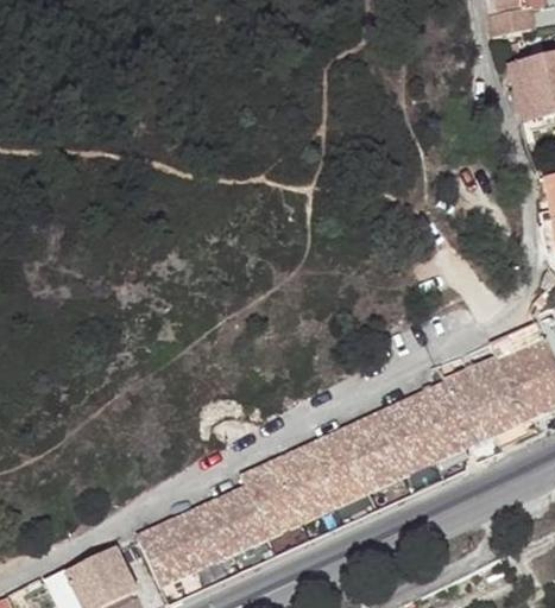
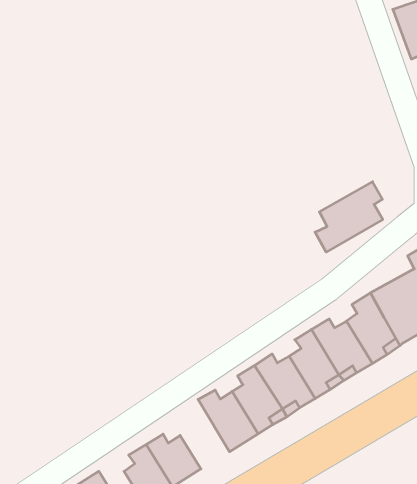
building: none -> [315,182,383,252]
building: [212,487,265,553] -> none

